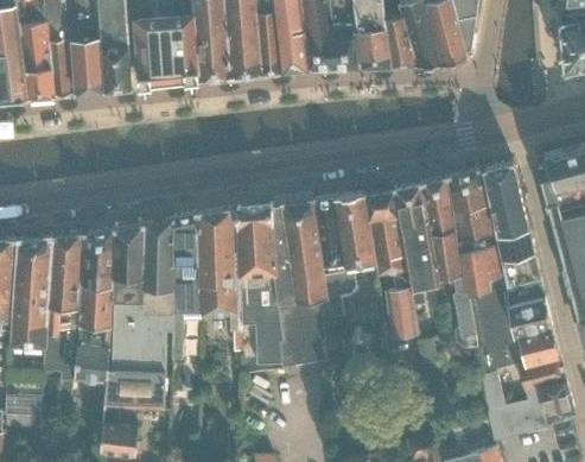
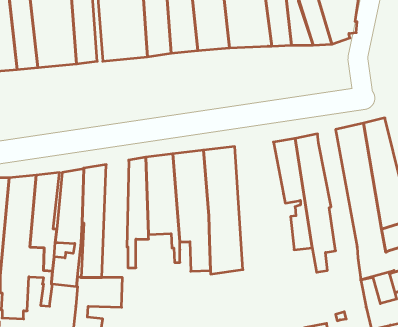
building: [424,178,477,349] -> none
building: [314,195,379,322] -> none
building: [139,220,174,374] -> none

